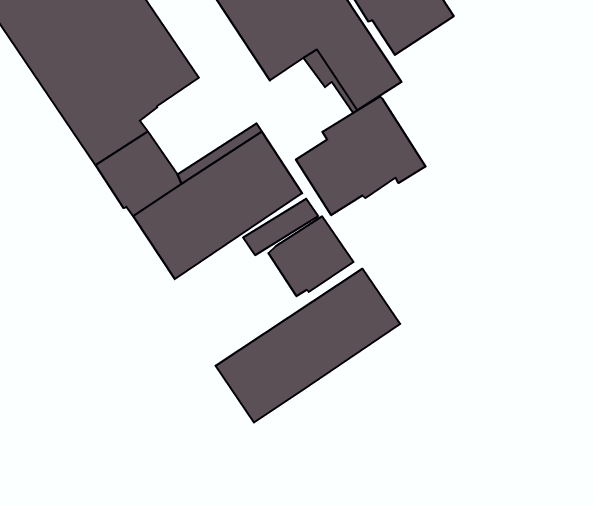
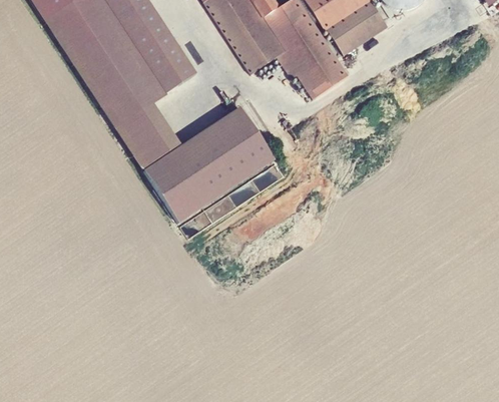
building: [296,96,426,215] -> none
building: [268,216,354,296] -> none
building: [215,269,400,423] -> none

